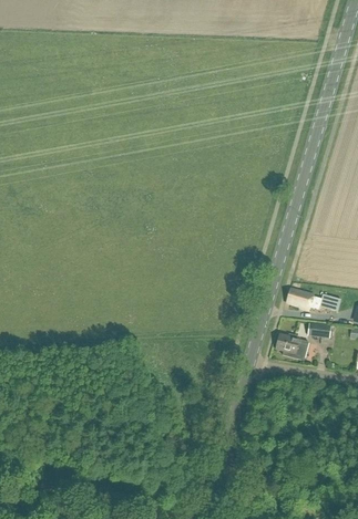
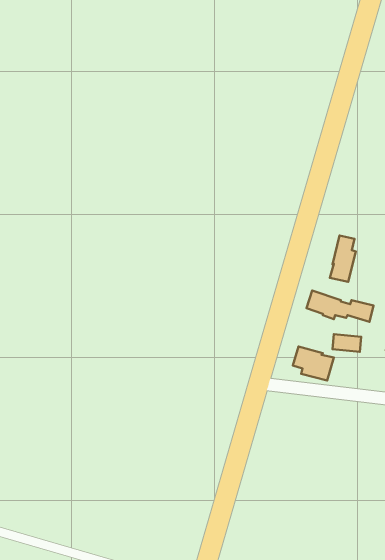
building: none -> [330,235,356,282]

